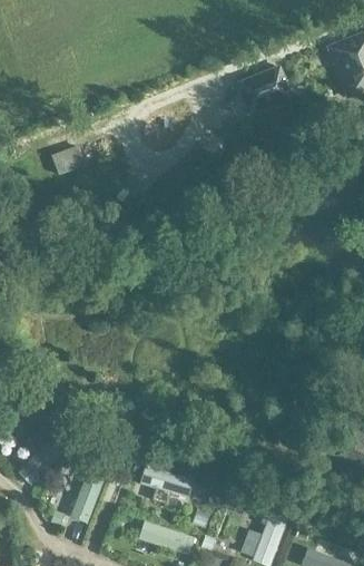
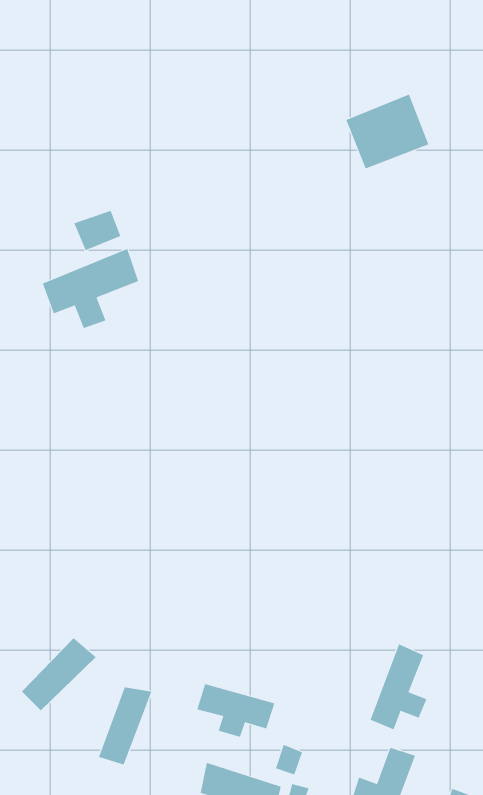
building: none -> [42,248,139,329]
building: none -> [370,644,427,730]

